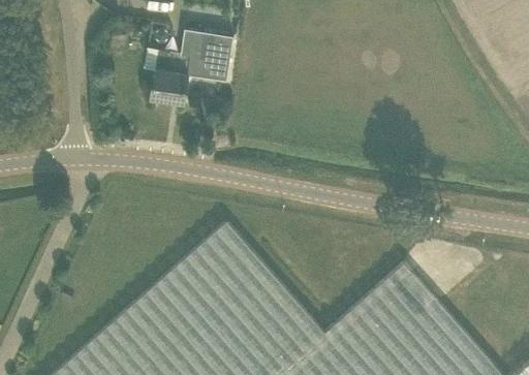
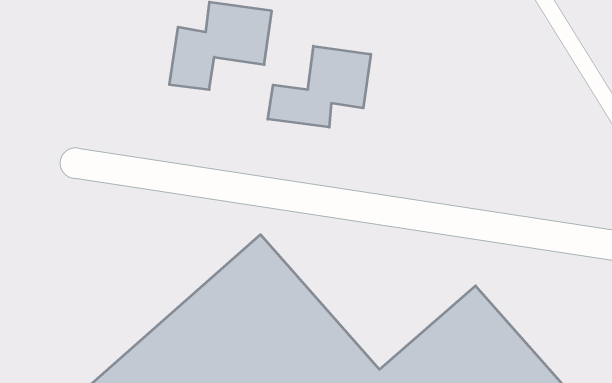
building: none -> [268,46,371,127]

